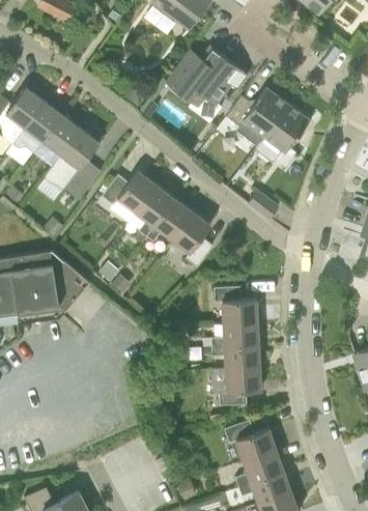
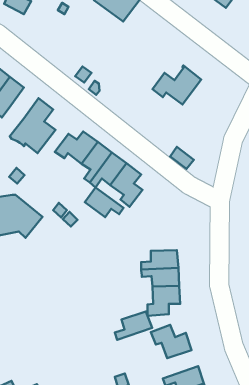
building: [165,50,247,107] -> none
building: [263,105,311,168] -> none
building: [43,115,80,154] -> none
building: none -> [85,187,124,217]
building: [214,286,256,323] -> none
building: [235,450,283,486] -> [115,312,152,340]

